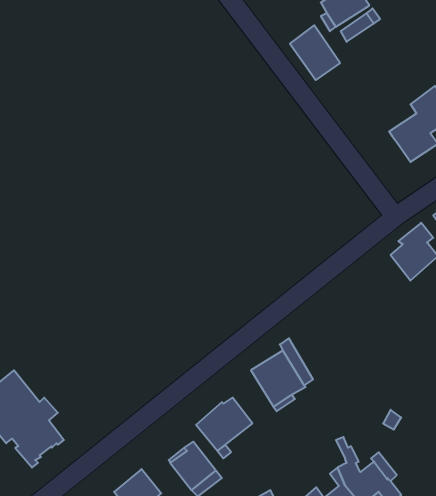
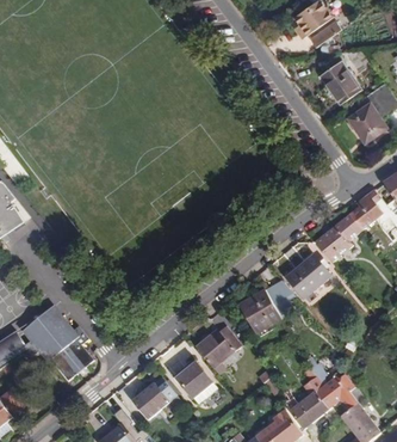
building: [290,25,340,80] -> [320,60,359,103]
building: none -> [314,214,364,262]
building: none -> [285,254,329,297]

